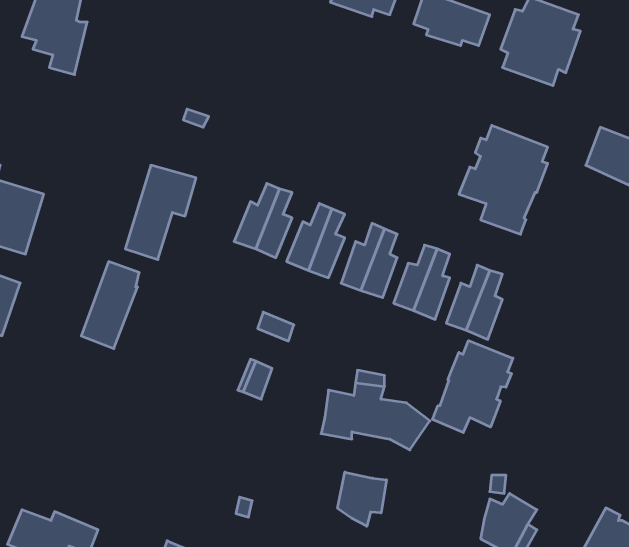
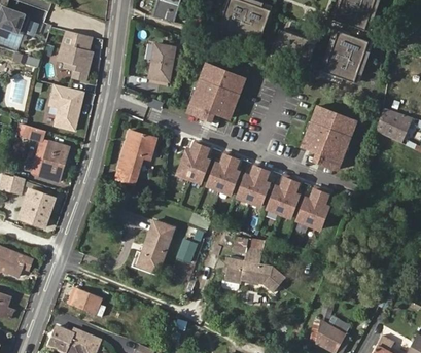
building: none -> [148,44,174,81]
building: none -> [189,66,243,121]
building: none -> [48,84,85,133]
building: [81,262,139,349] -> [138,222,171,272]
building: [432,341,513,433] -> none
building: none -> [68,288,98,315]
building: [338,472,386,526] -> none

